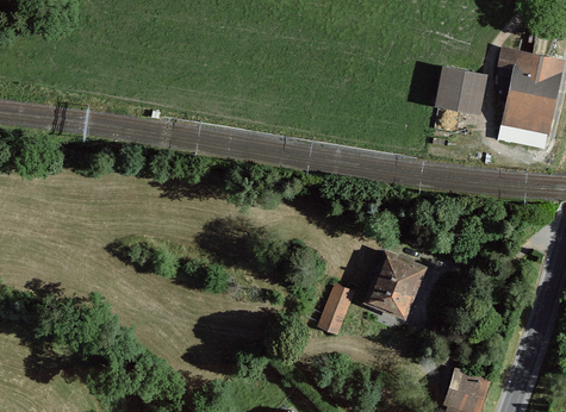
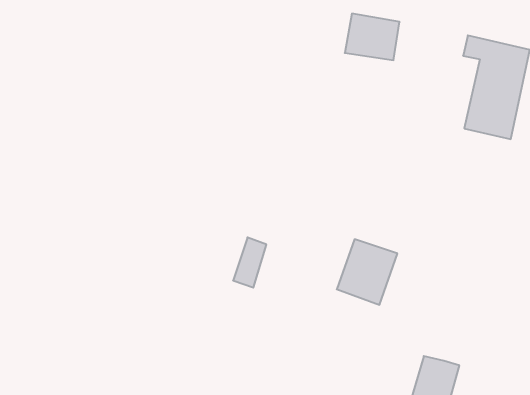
building: [433,68,487,114] -> [345,14,400,60]
building: [321,282,354,332] -> [233,237,266,288]

